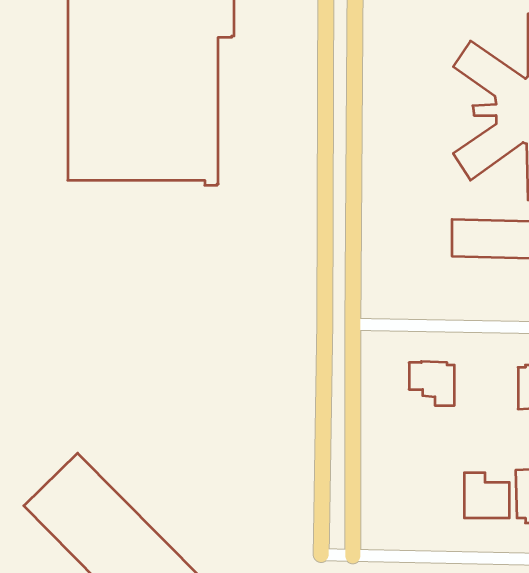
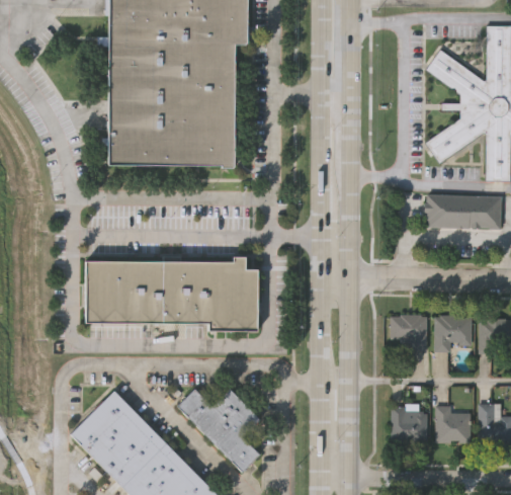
building: none -> [82,255,256,332]
building: none -> [436,314,475,350]
building: none -> [179,388,261,471]
building: none -> [390,405,427,443]

